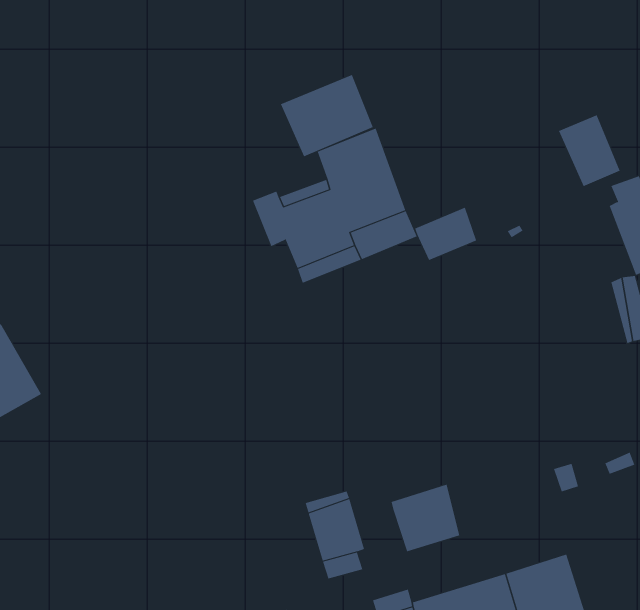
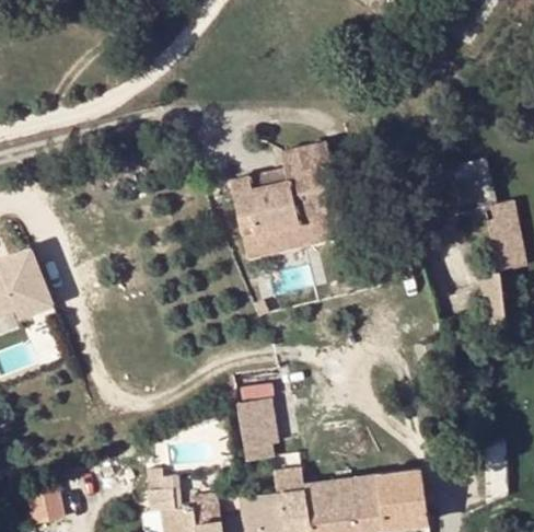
building: [280,74,374,157] -> none
building: [415,207,477,261] -> none
building: [391,484,460,552] -> none

